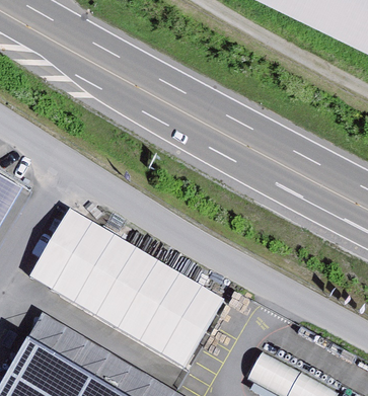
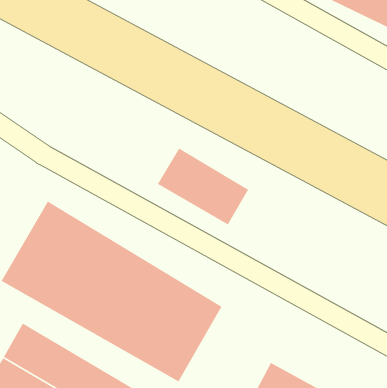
building: none -> [157,148,249,226]

